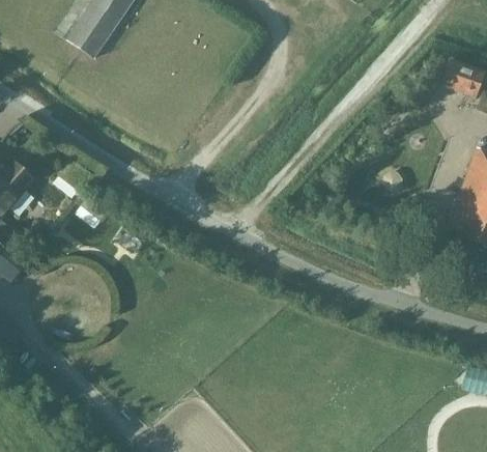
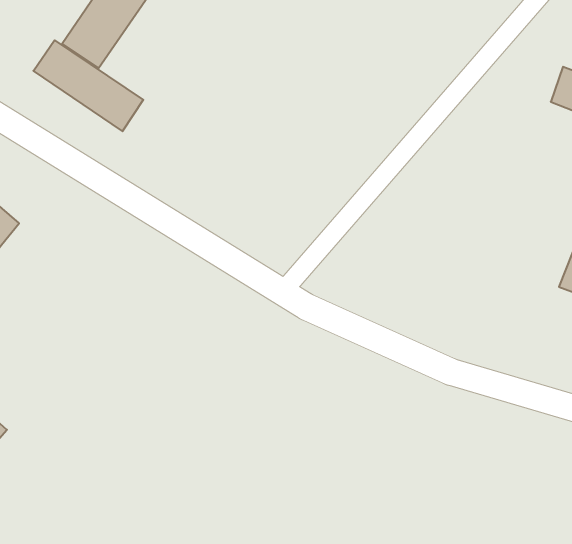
building: none -> [33,40,143,131]

